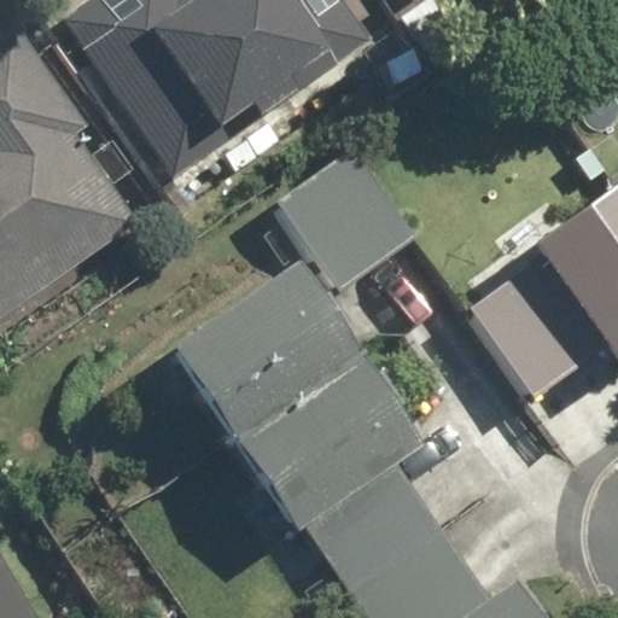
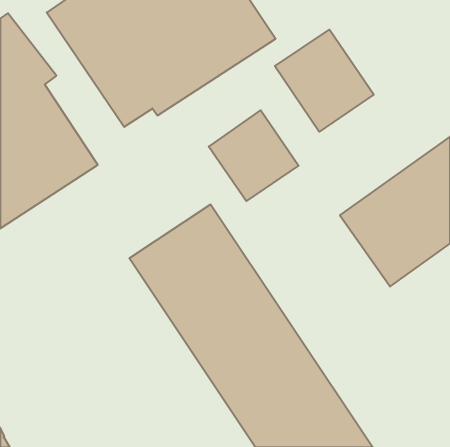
building: none -> [275,30,374,132]

